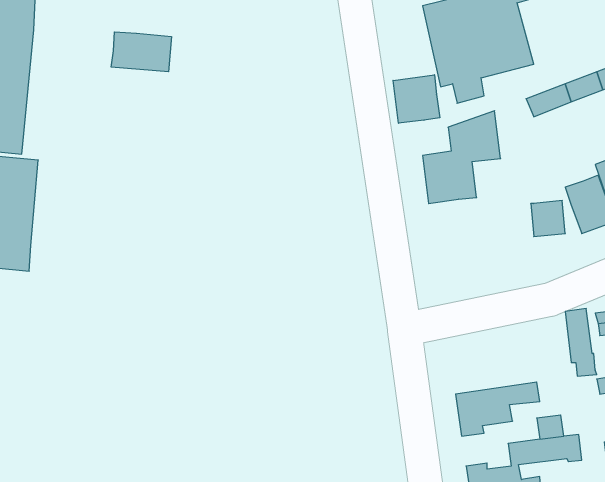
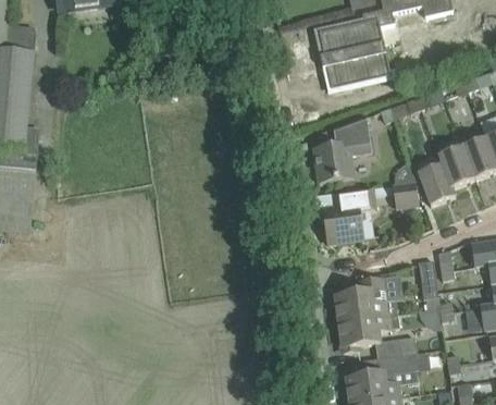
building: [111,32,171,72] -> none
building: [393,75,440,123] -> none
building: none -> [322,186,375,243]
building: none -> [334,277,397,320]

